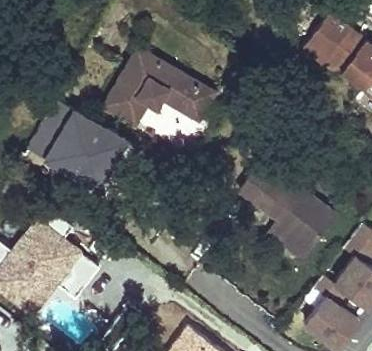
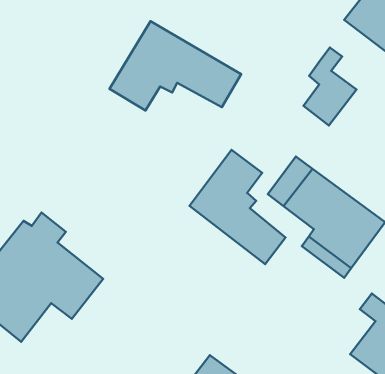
building: none -> [303,47,356,126]
building: [33,100,126,186] -> none
building: none -> [190,150,286,264]

